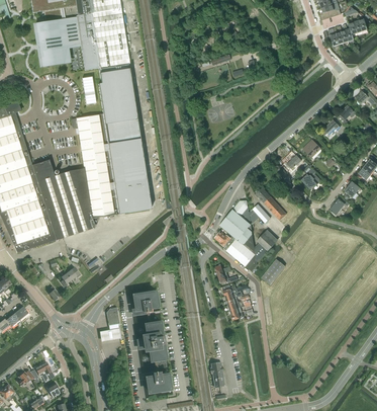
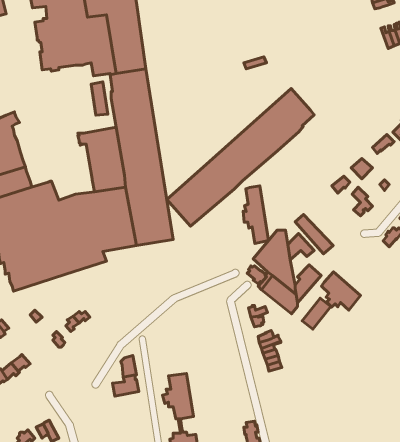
building: none -> [167,89,314,226]
building: none -> [243,186,269,243]
building: none -> [321,272,361,310]
building: [135,291,161,313] -> none

